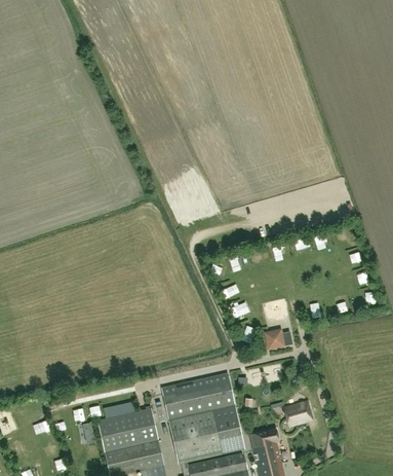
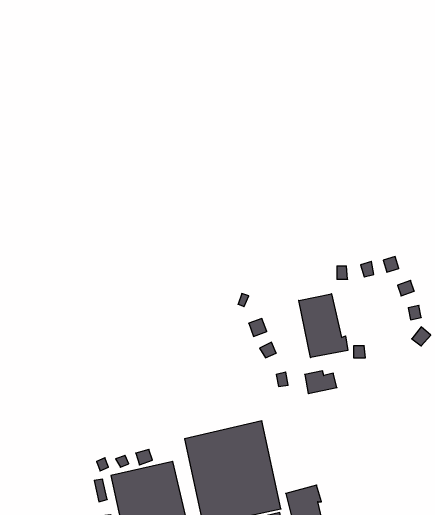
building: none -> [299,294,348,358]
building: [283,401,313,427] -> none

